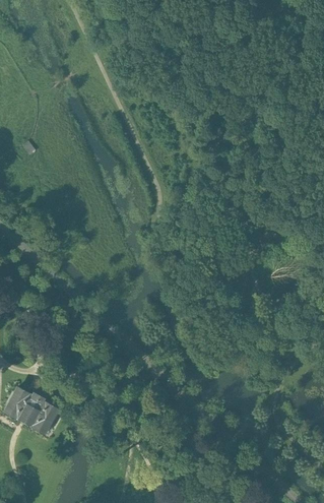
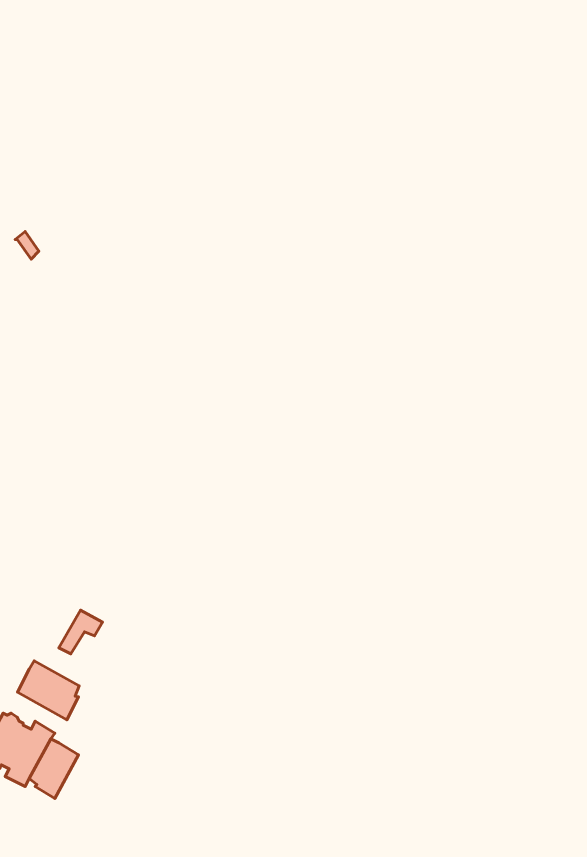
building: none -> [17,661,79,720]

